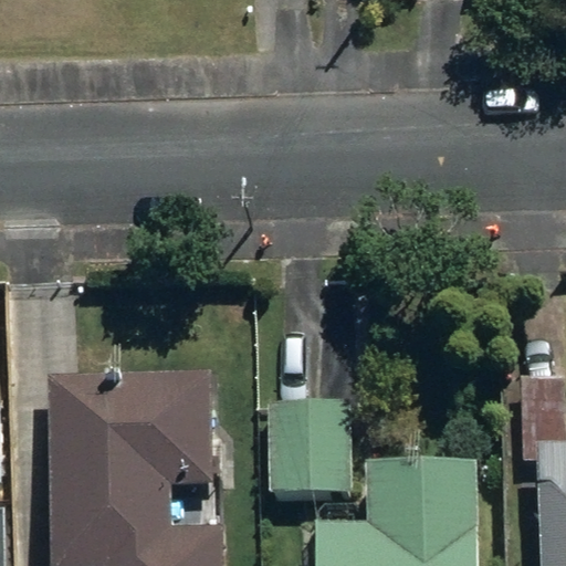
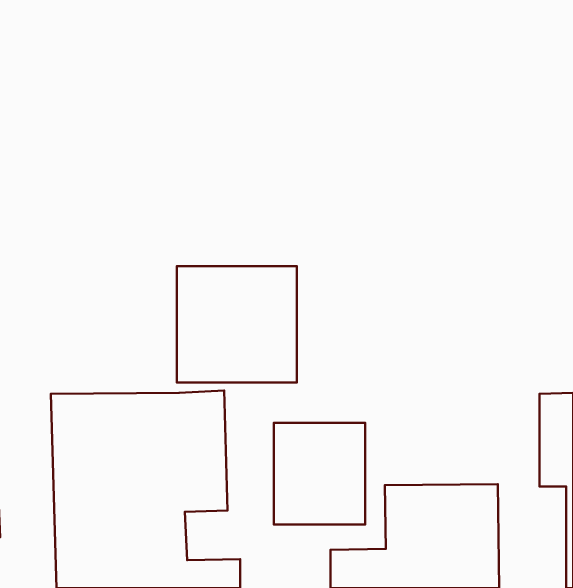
building: none -> [177,266,297,383]

